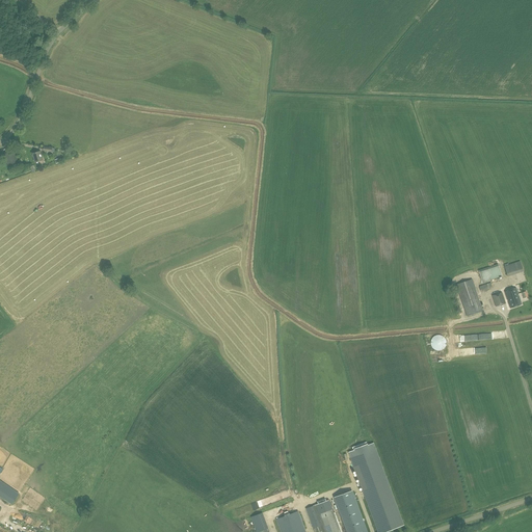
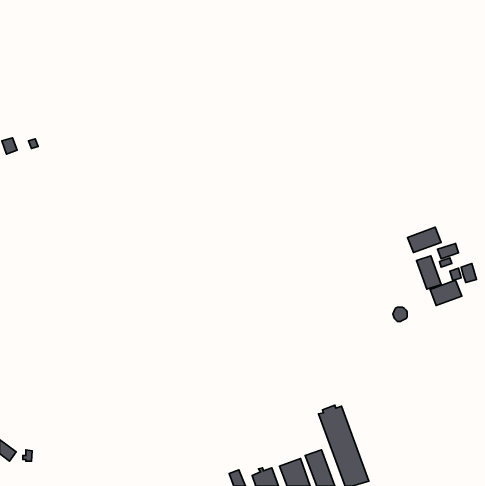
building: none -> [407,227,441,253]
building: none -> [430,280,462,306]

